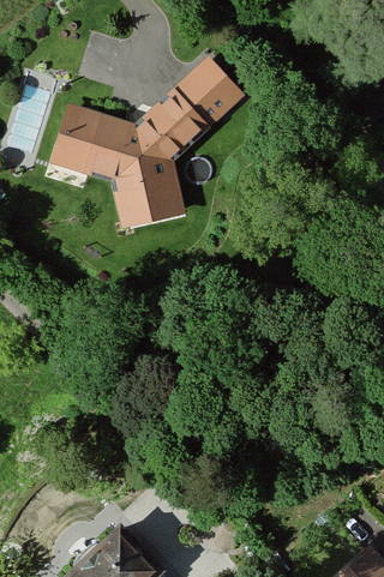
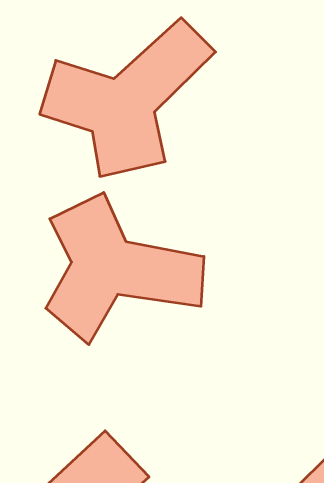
building: none -> [46,192,204,345]

